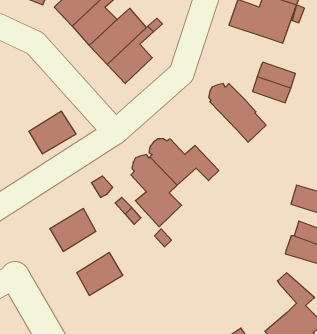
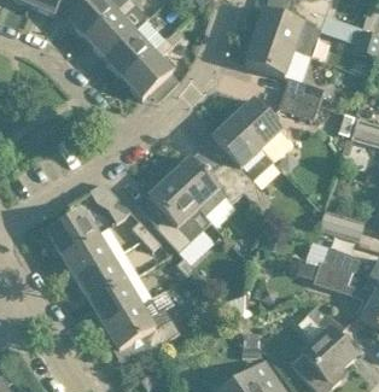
building: none -> [245,35,293,75]
building: none -> [212,117,274,199]
building: [29,111,76,154] -> [47,207,98,253]
building: none -> [76,256,126,300]
building: none -> [104,297,180,350]

